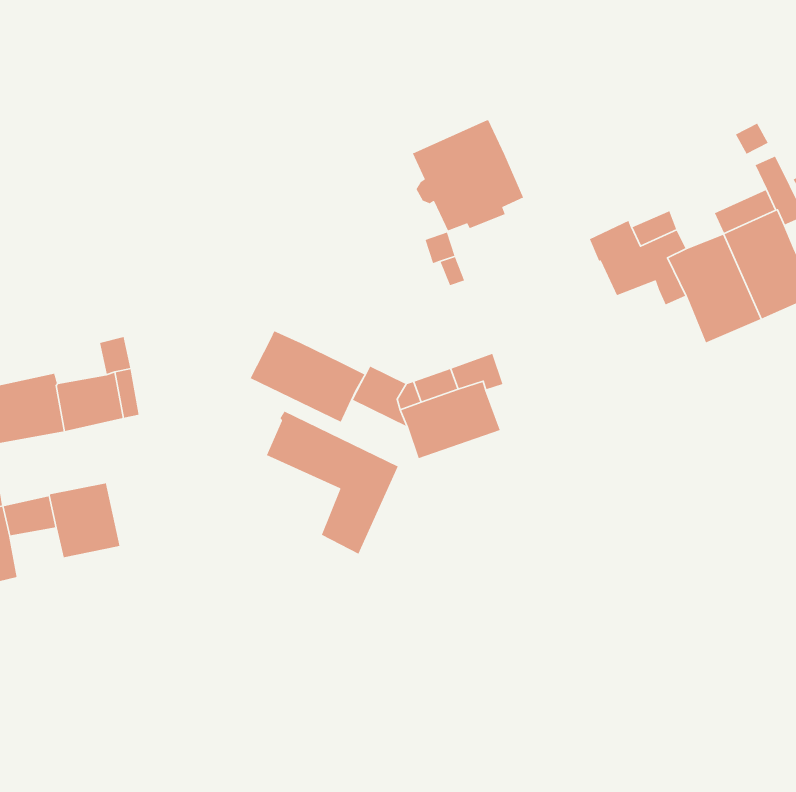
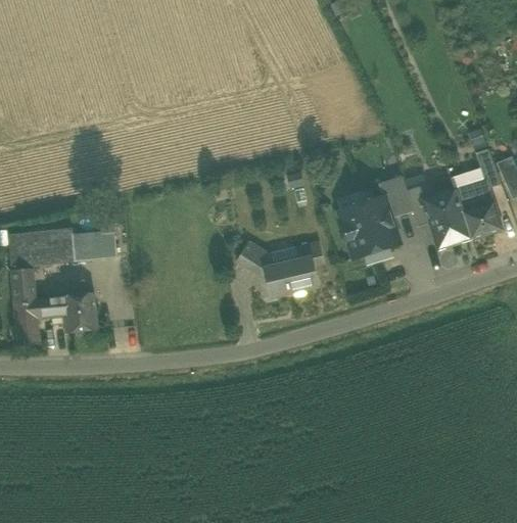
building: [412,119,524,231] -> [338,197,398,257]
building: [249,330,365,423] -> none
building: [266,410,399,555] -> none

